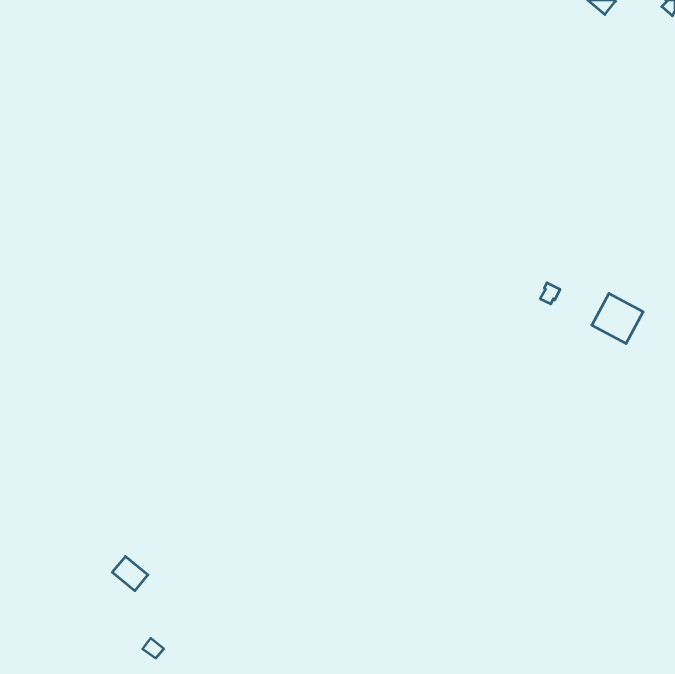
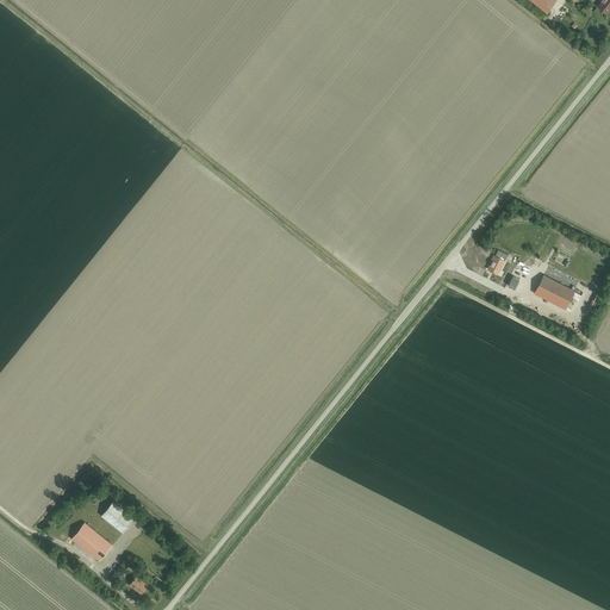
building: none -> [71,524,112,561]

